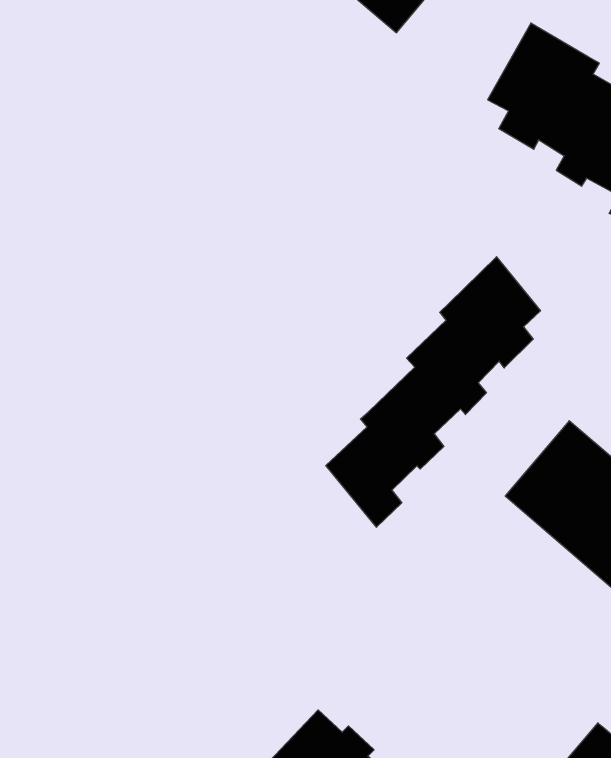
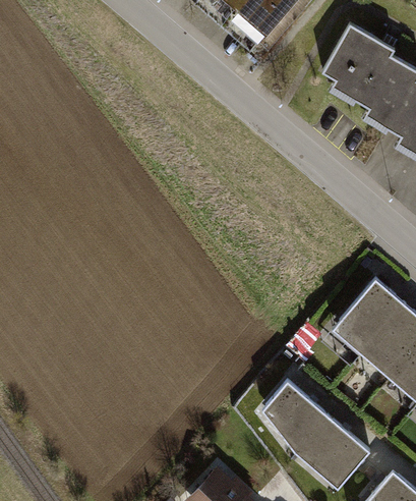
building: [326,257,541,527] -> none
building: none -> [262,382,367,487]

